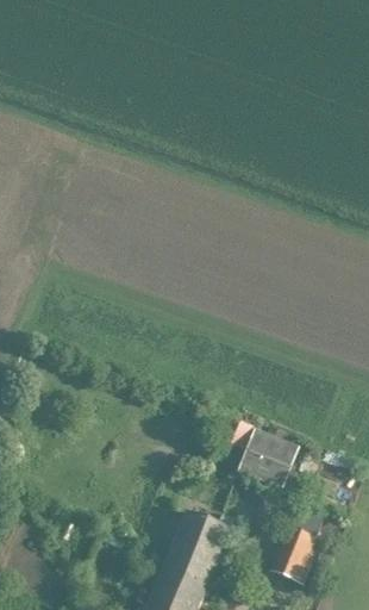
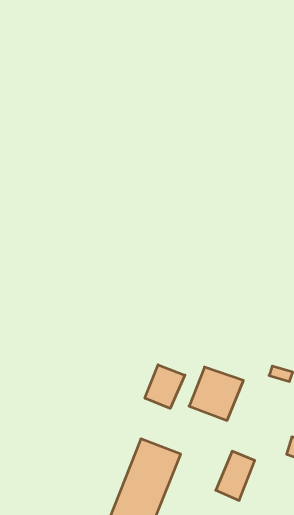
building: none -> [145,365,185,408]

